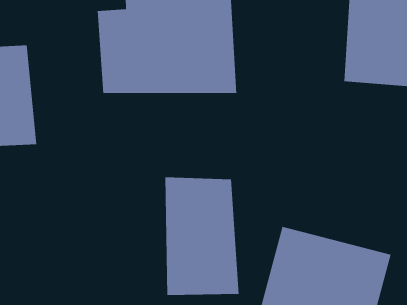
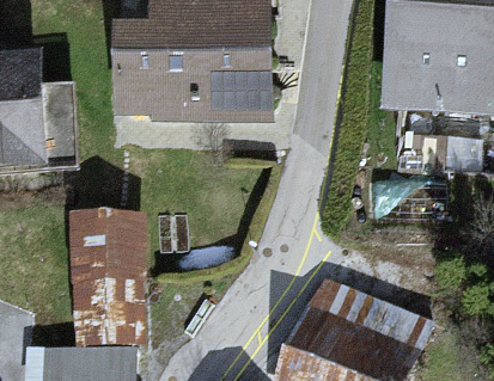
building: [164,177,239,295] -> [66,210,148,340]

